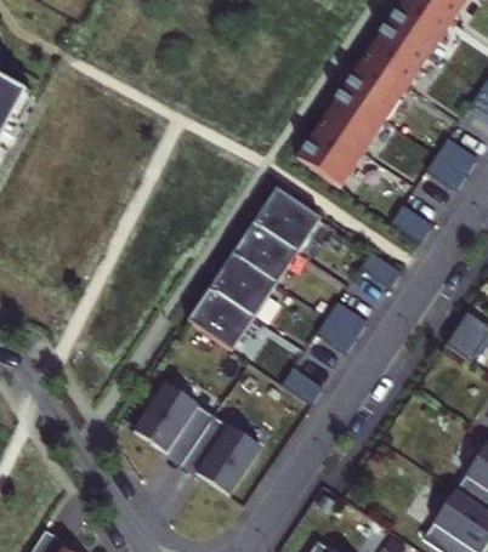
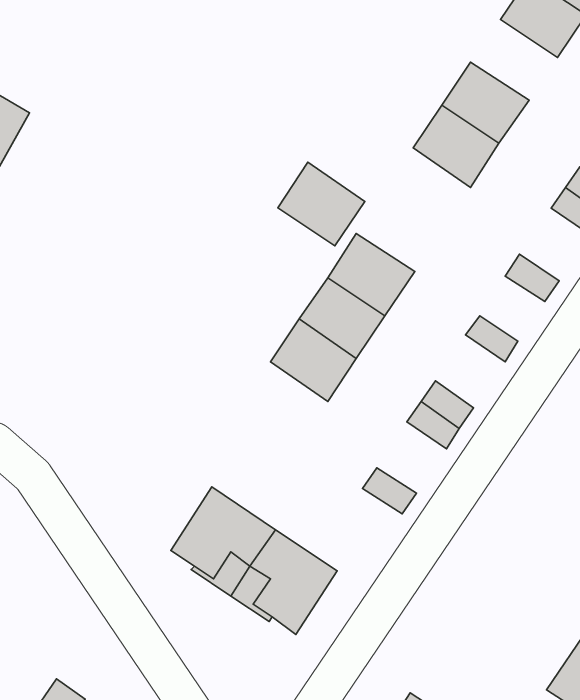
building: [363,24,430,86] -> none
building: [296,123,363,187] -> [278,162,365,246]
building: [187,286,254,351] -> none

